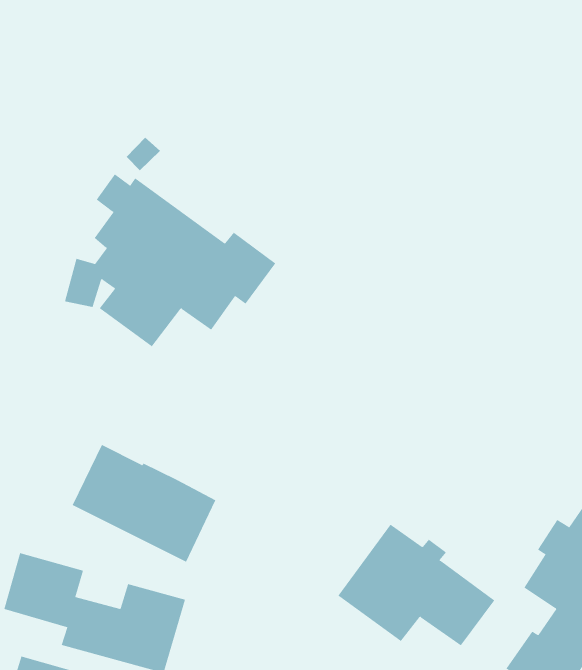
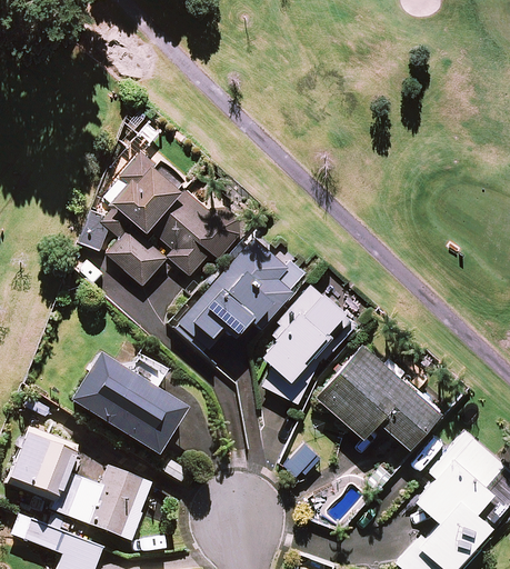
building: none -> [177,239,303,343]
building: none -> [262,281,359,400]
building: [337,524,495,646] -> [317,342,440,443]

